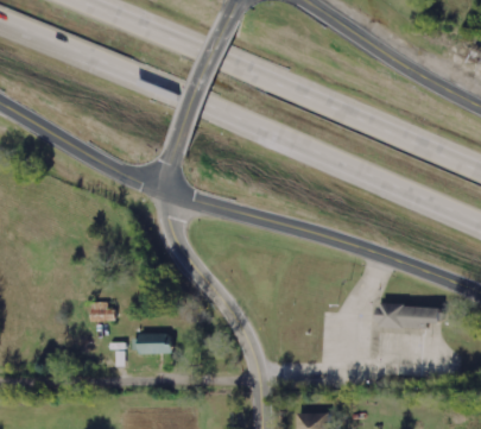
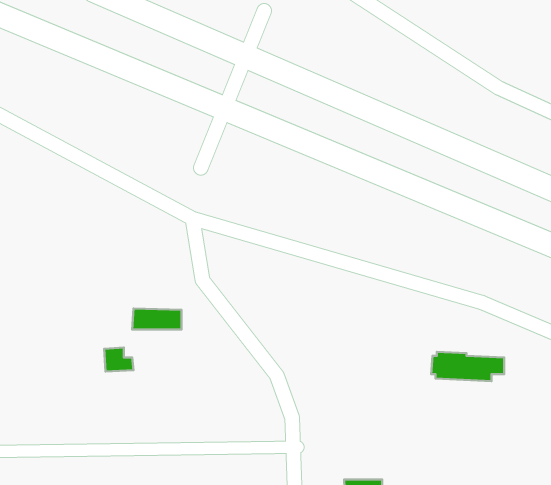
building: [133,334,175,352] -> [132,309,181,330]

